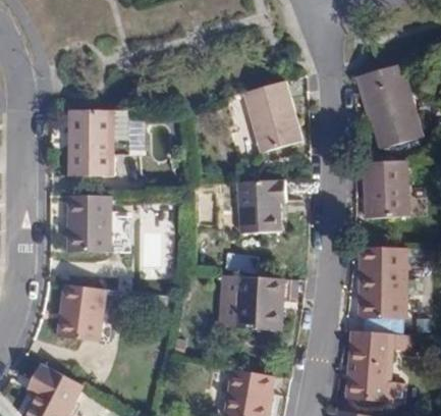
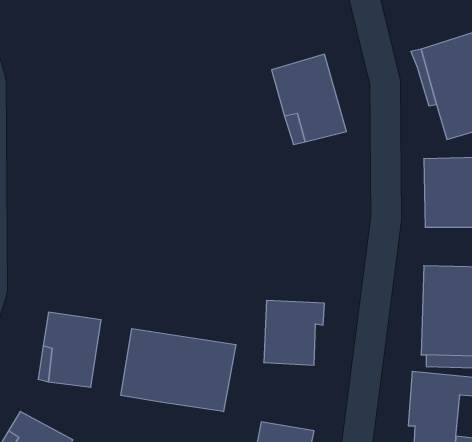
building: [68,110,126,175] -> none
building: [243,179,290,231] -> none
building: [69,196,112,251] -> none
building: none -> [121,329,236,412]

